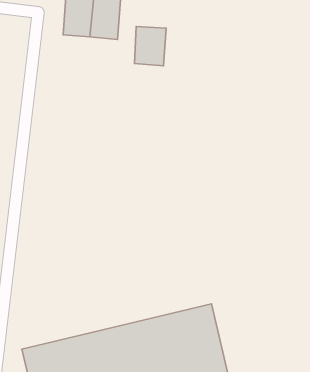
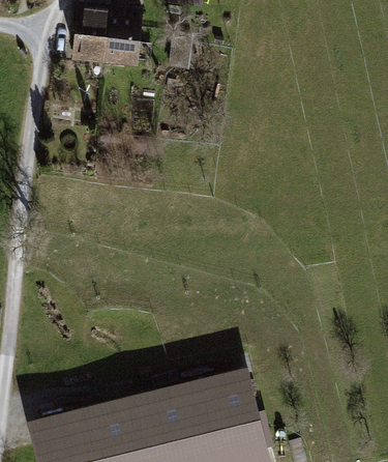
building: [134,26,166,66] -> none

